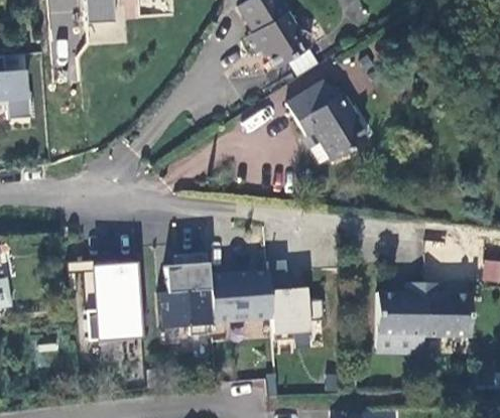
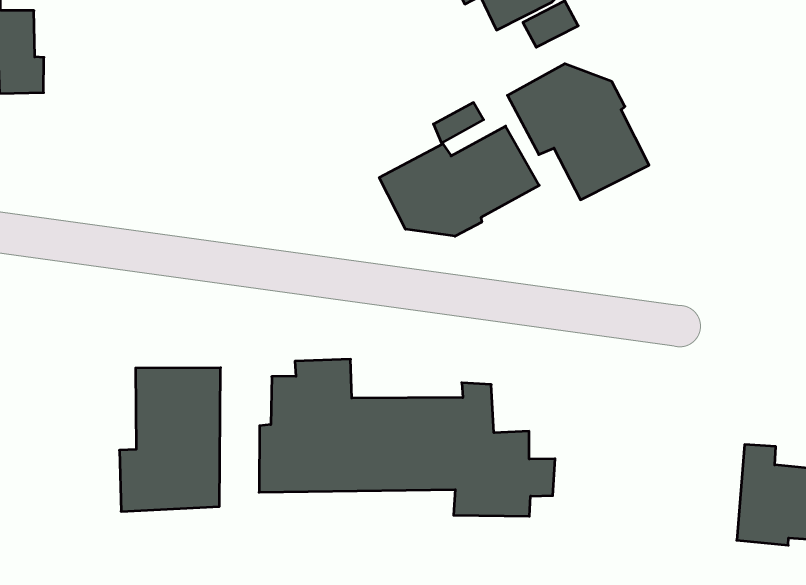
building: none -> [379,126,539,236]
building: [378,285,425,337] -> none

